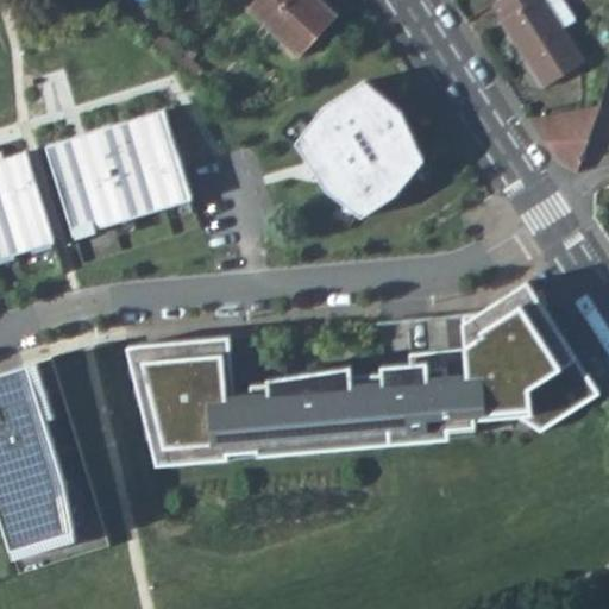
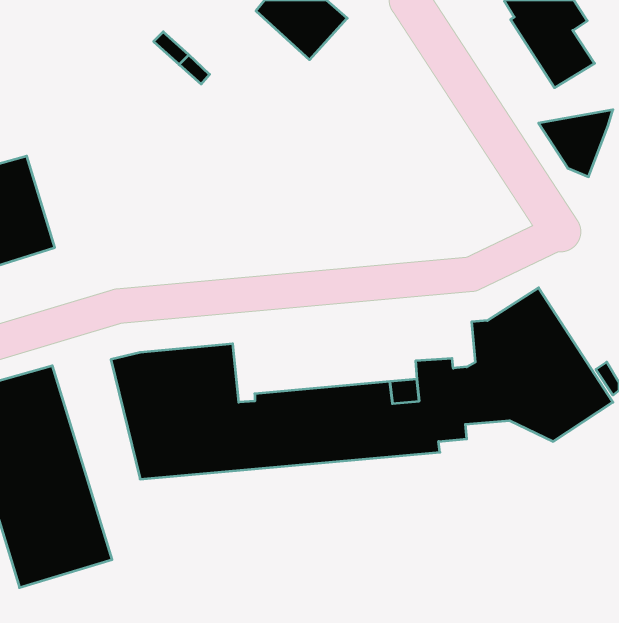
building: [295,81,422,218] -> none
building: [46,111,190,236] -> none

